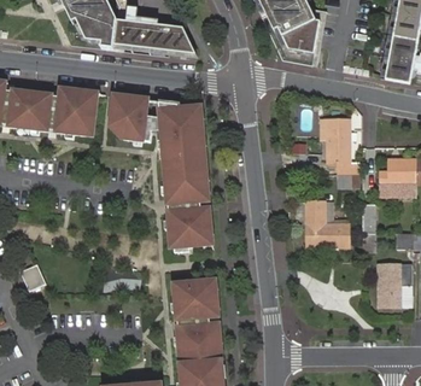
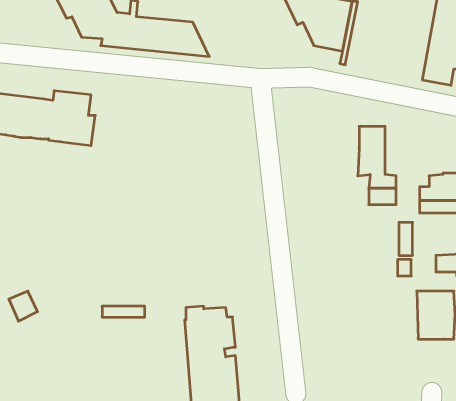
building: [107,94,210,251] -> none
building: [304,200,346,244] -> none

